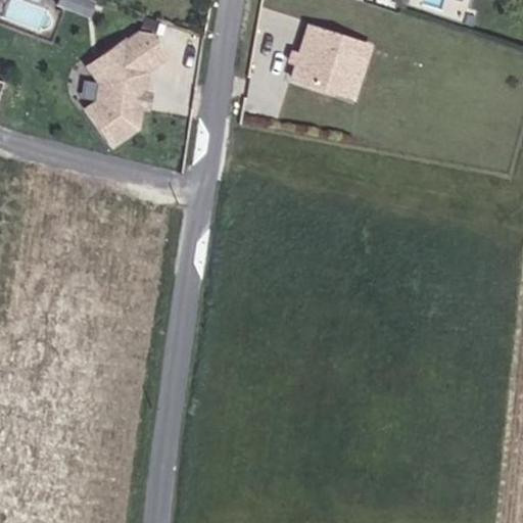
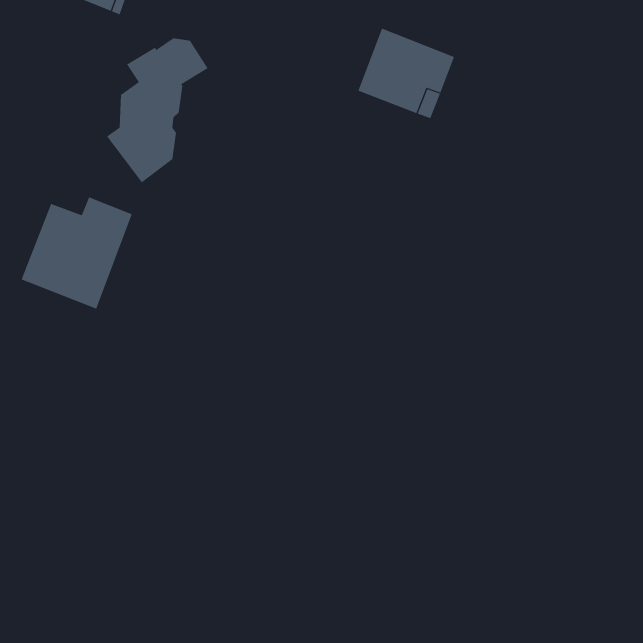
building: none -> [21,197,132,310]

